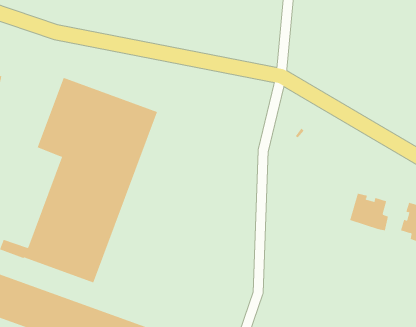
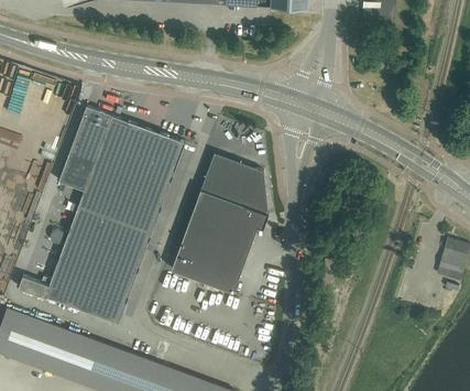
building: none -> [172,152,270,292]
building: [349,193,388,231] -> none

